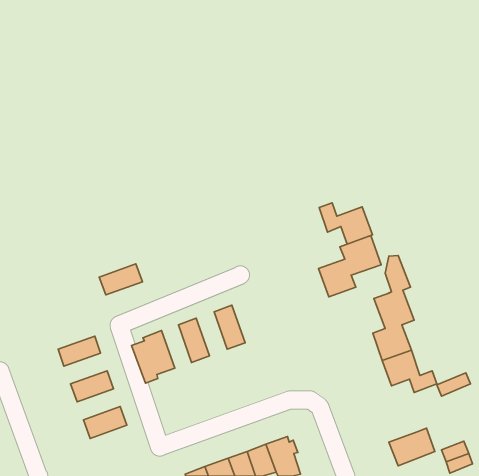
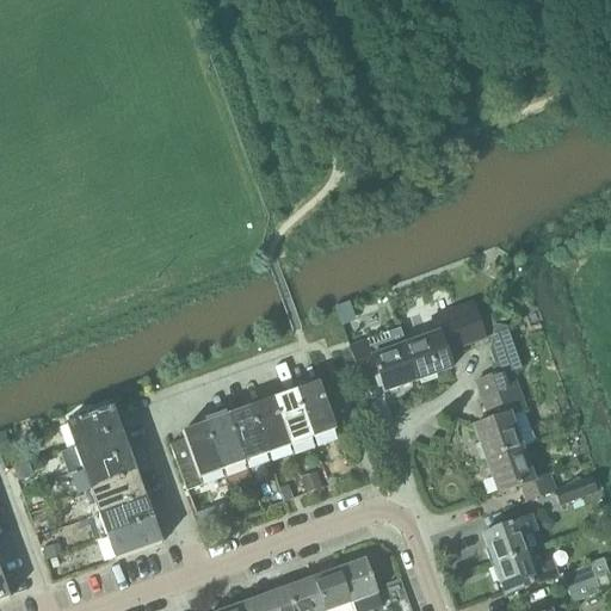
building: [319,203,373,244] -> [351,337,419,389]
building: [99,264,142,295] -> [67,405,122,444]
building: none -> [296,379,337,436]
building: none -> [251,396,290,452]
building: none -> [206,413,245,468]
building: none -> [82,449,137,488]
building: none -> [99,494,154,533]
building: none -> [483,513,543,562]

